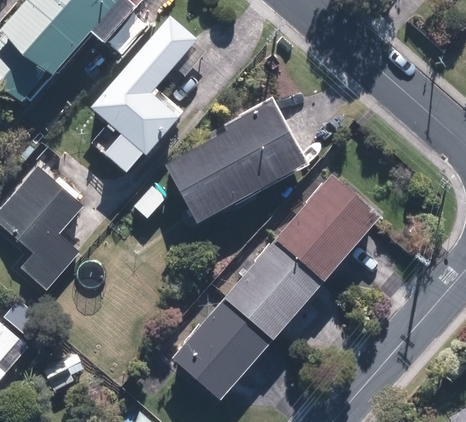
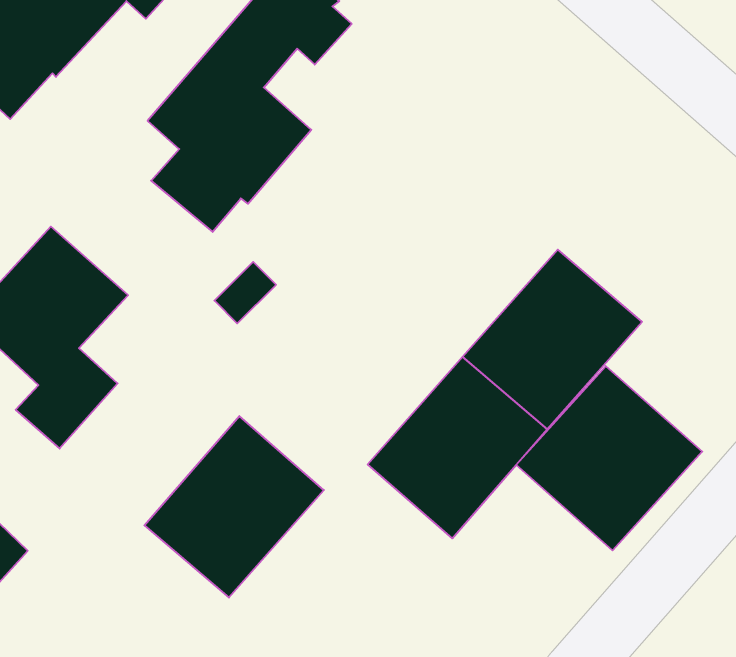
building: [160,103,300,225] -> none
building: none -> [516,366,702,550]
building: [168,298,270,401] -> [144,416,324,598]

